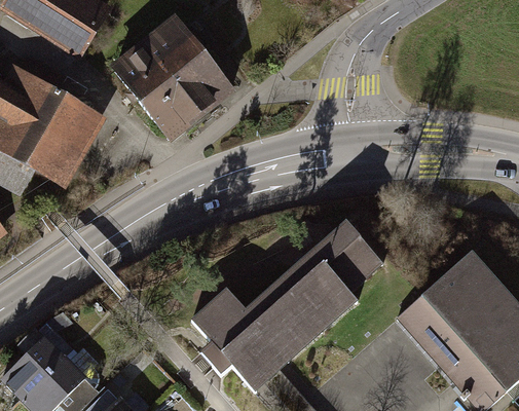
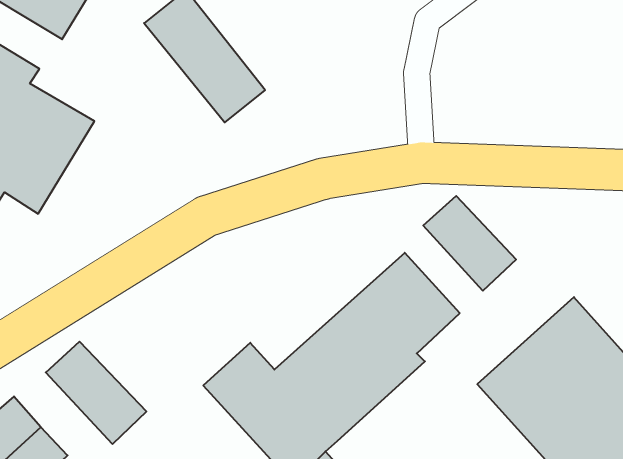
building: [111,44,205,146] -> none
building: none -> [423,196,516,291]
building: none -> [46,342,146,444]

